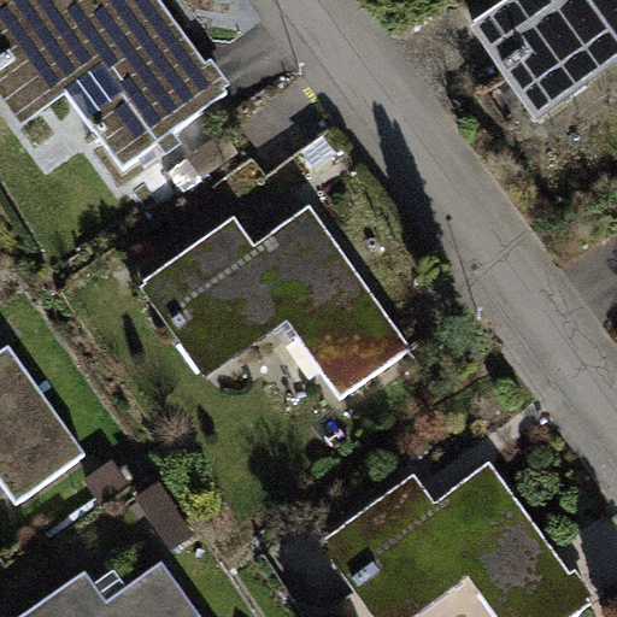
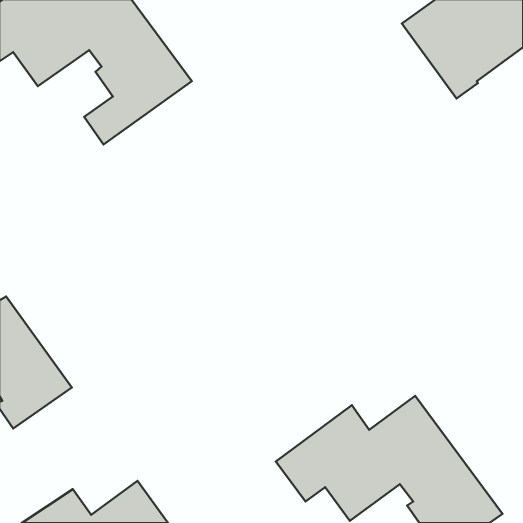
building: [143,208,410,399] -> none

